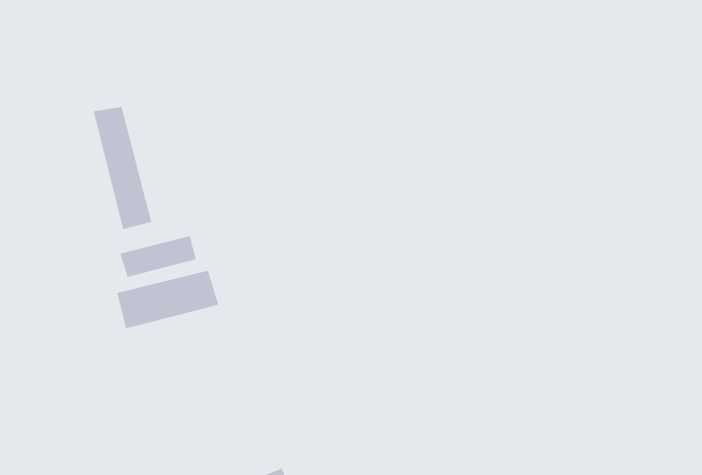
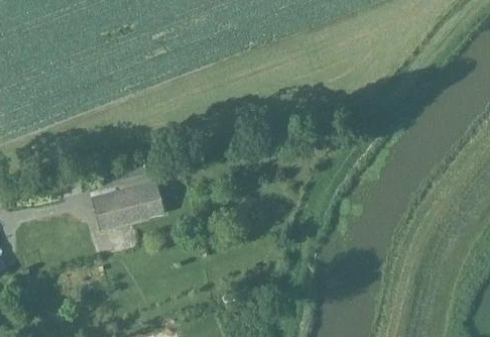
building: [93,106,152,230] -> none

